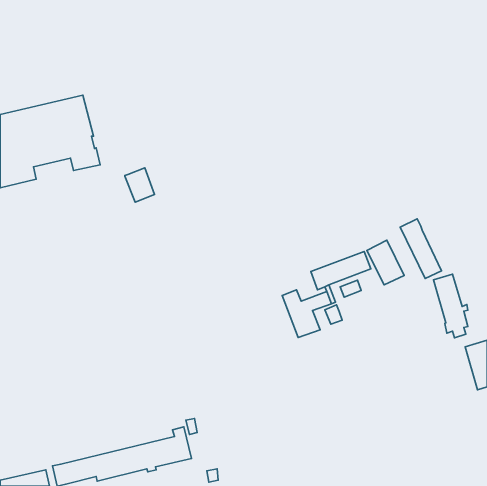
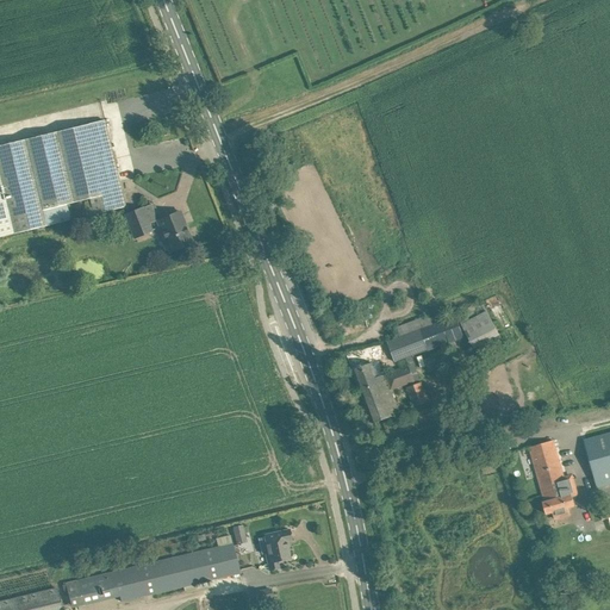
building: none -> [124,206,152,238]
building: [400,219,442,278] -> none
building: [433,274,468,338] -> [529,440,572,519]
building: none -> [263,528,292,571]

